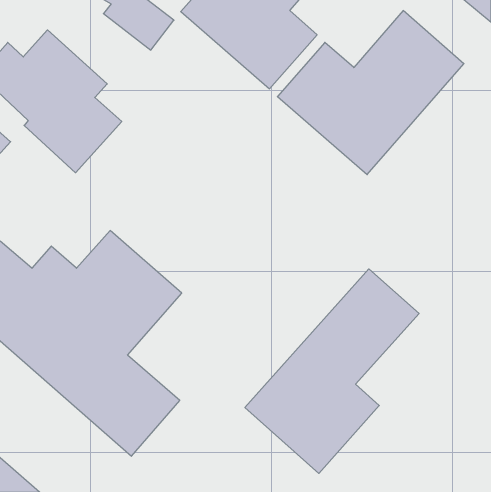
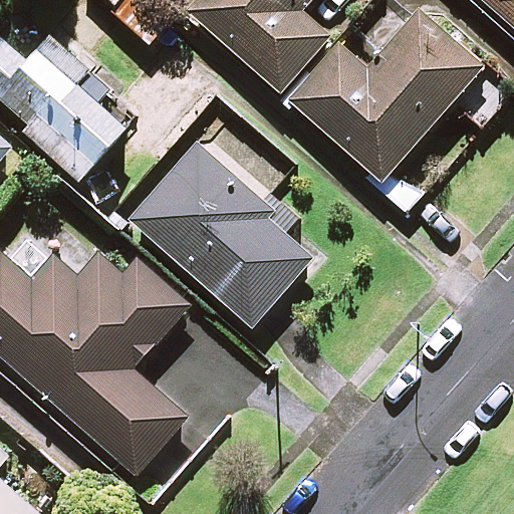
building: none -> [130,144,311,327]
building: [245,269,419,473] -> none

